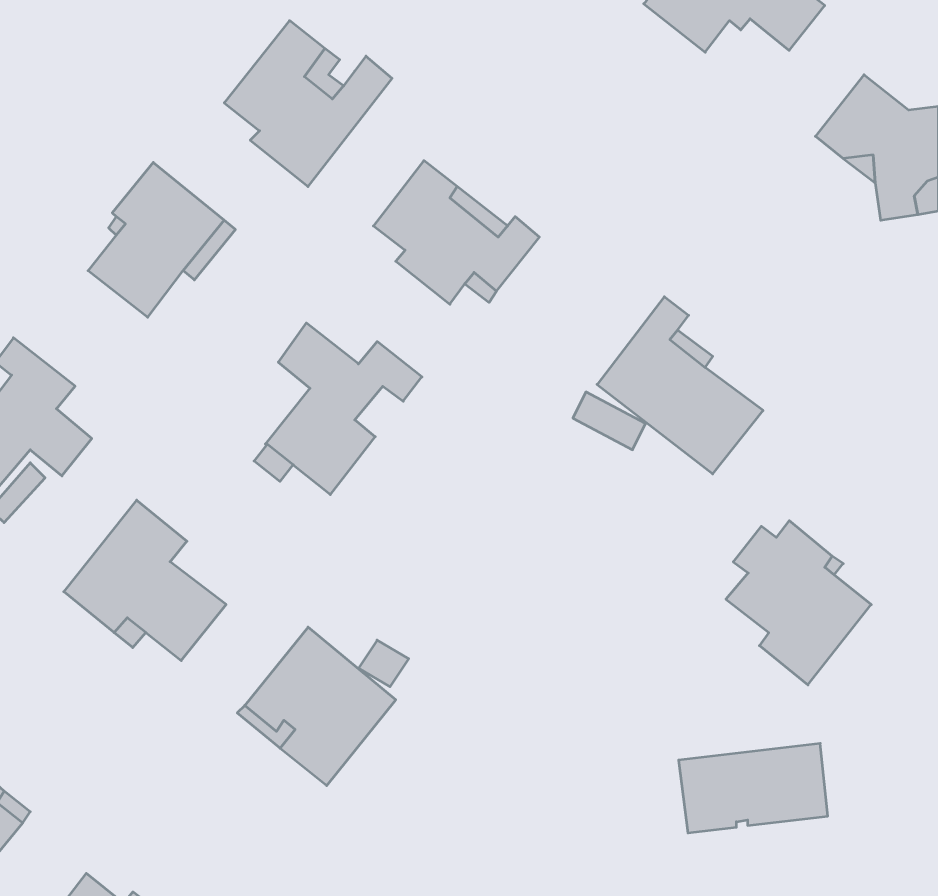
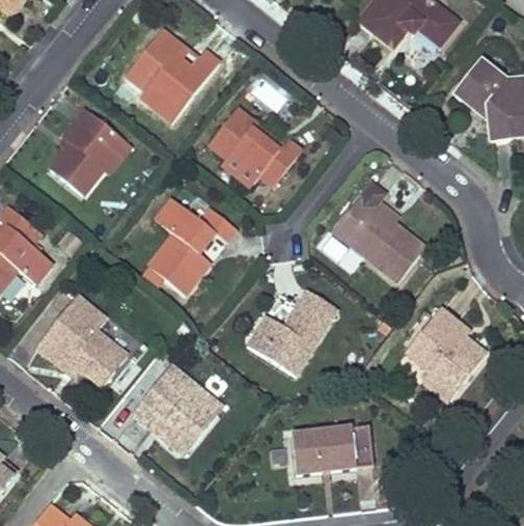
building: none -> [247,289,337,375]
building: [679,743,828,833] -> [291,424,374,474]

